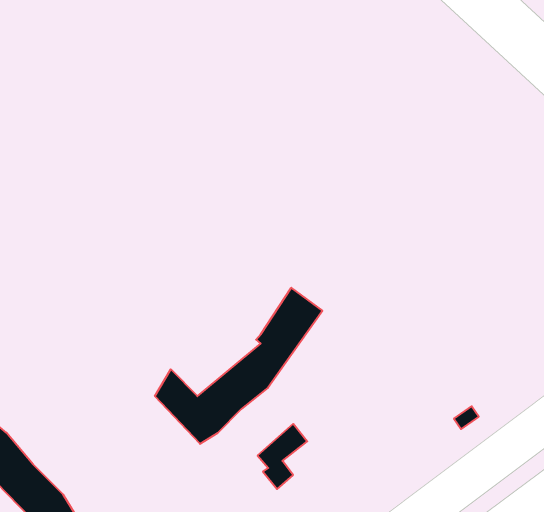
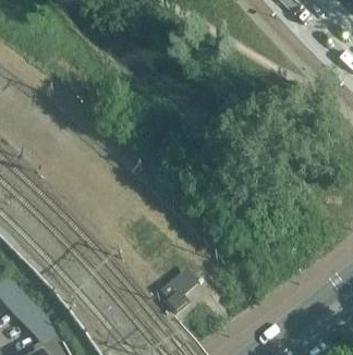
building: [155,288,322,444] -> none

